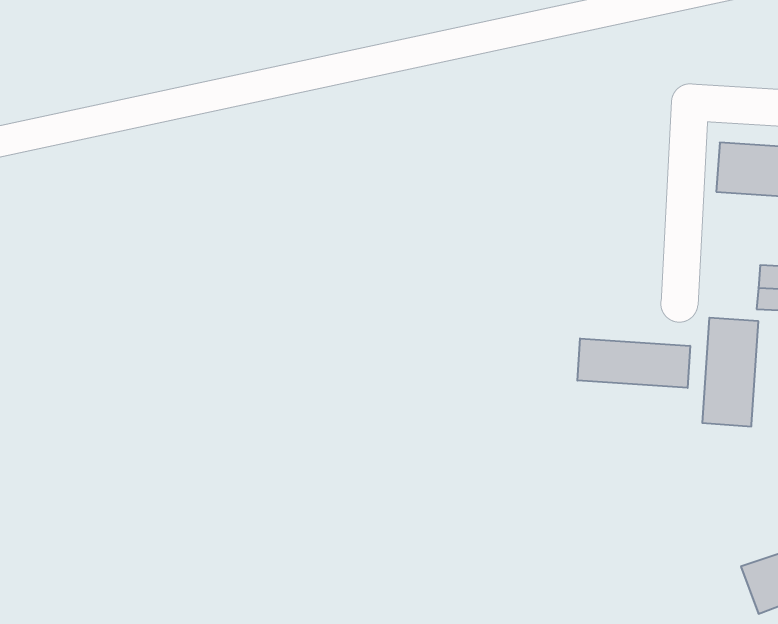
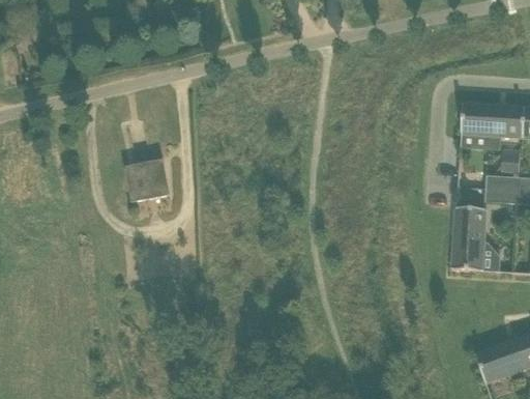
building: none -> [125,159,170,201]
building: [577,338,690,388] -> none

